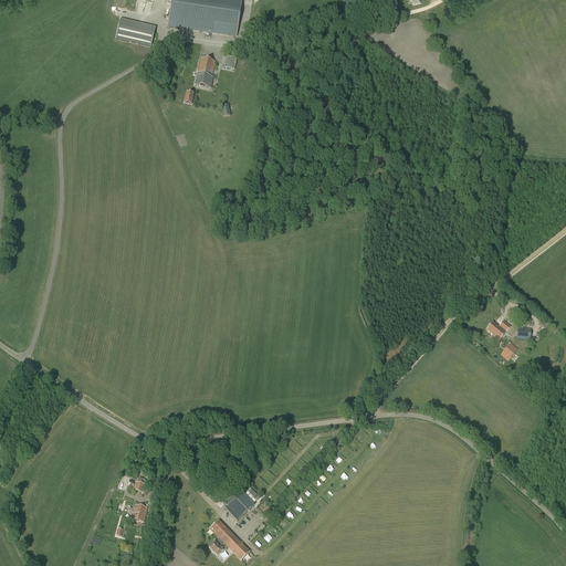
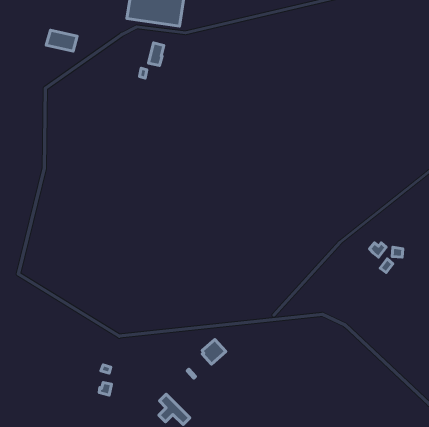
building: [115,17,156,44] -> [46,30,77,51]
building: [224,486,255,518] -> [202,340,226,364]

